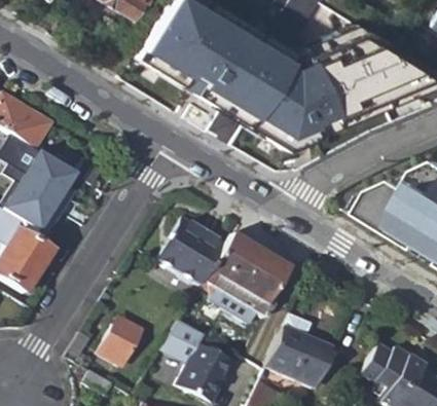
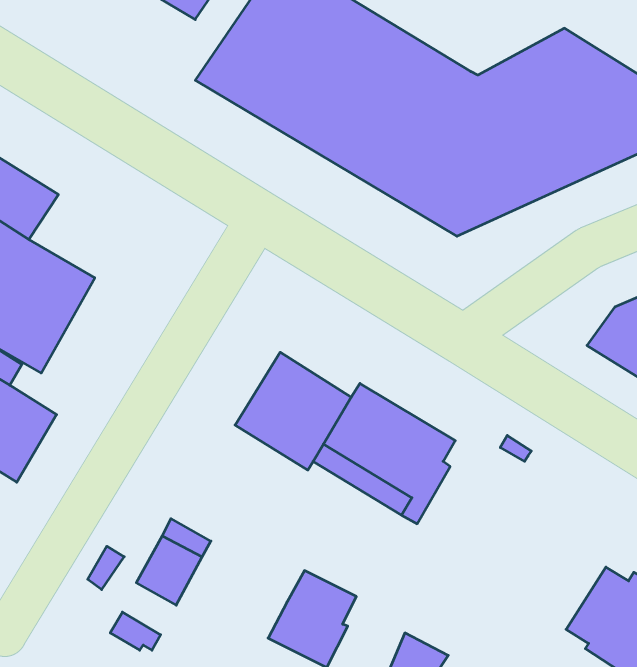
building: [266,316,337,390] -> none
building: [163,321,207,366] -> none

